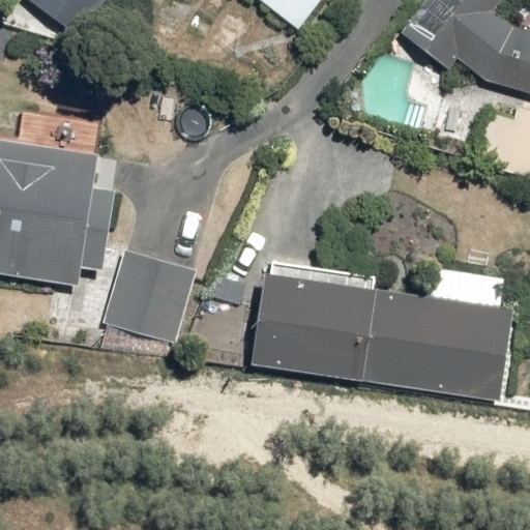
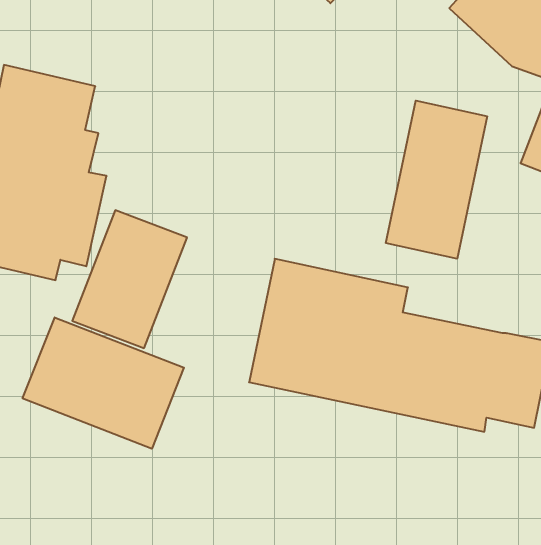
building: none -> [386,101,487,259]
building: none -> [23,317,184,449]

